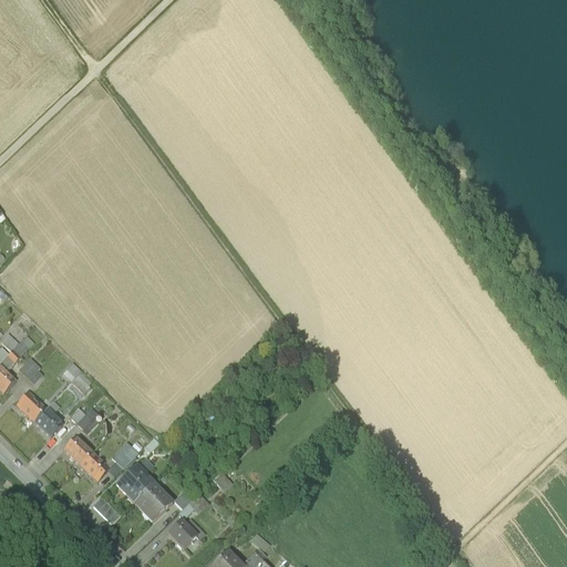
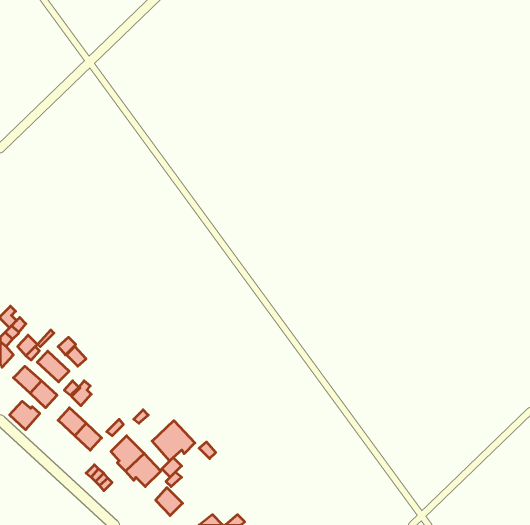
building: none -> [37,351,69,382]
building: none -> [10,401,40,430]
building: none -> [152,421,195,461]

